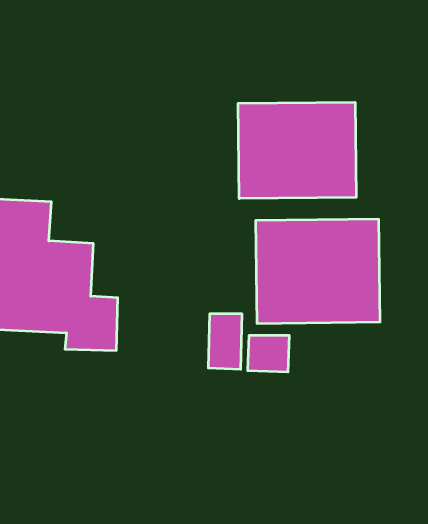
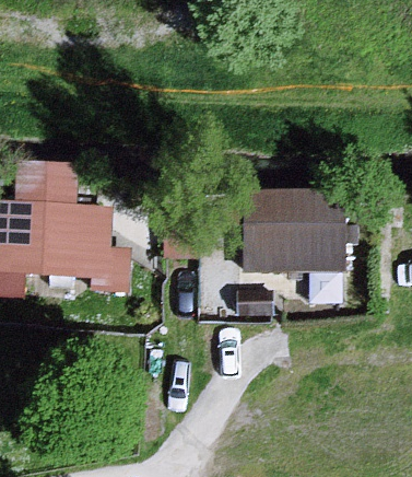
building: [238,102,356,199] -> none

